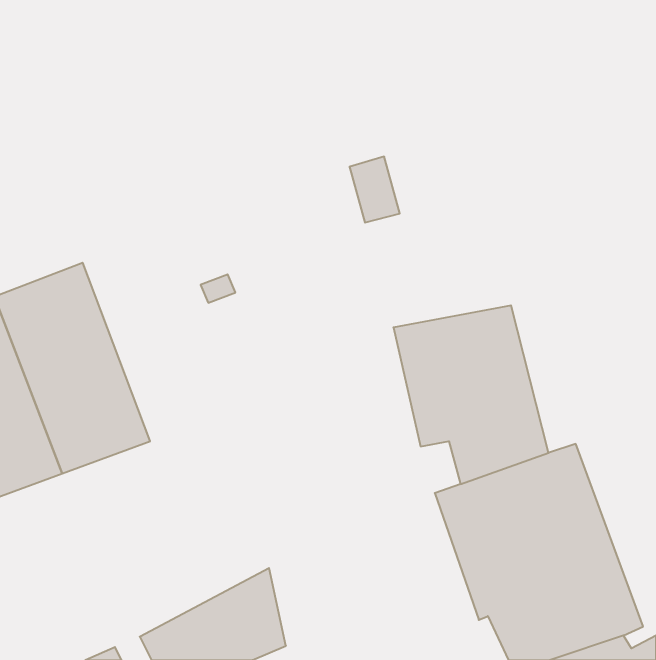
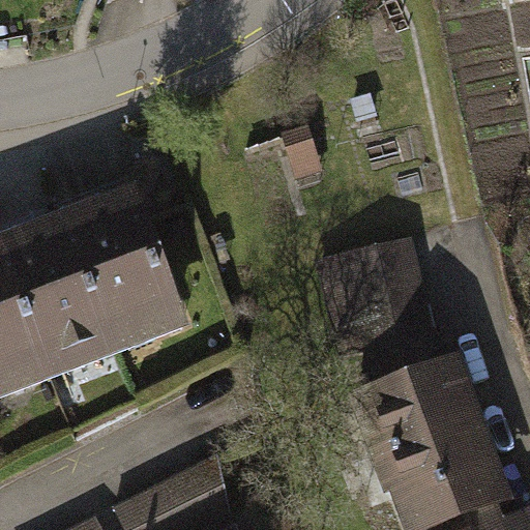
building: none -> [66,184,189,353]

